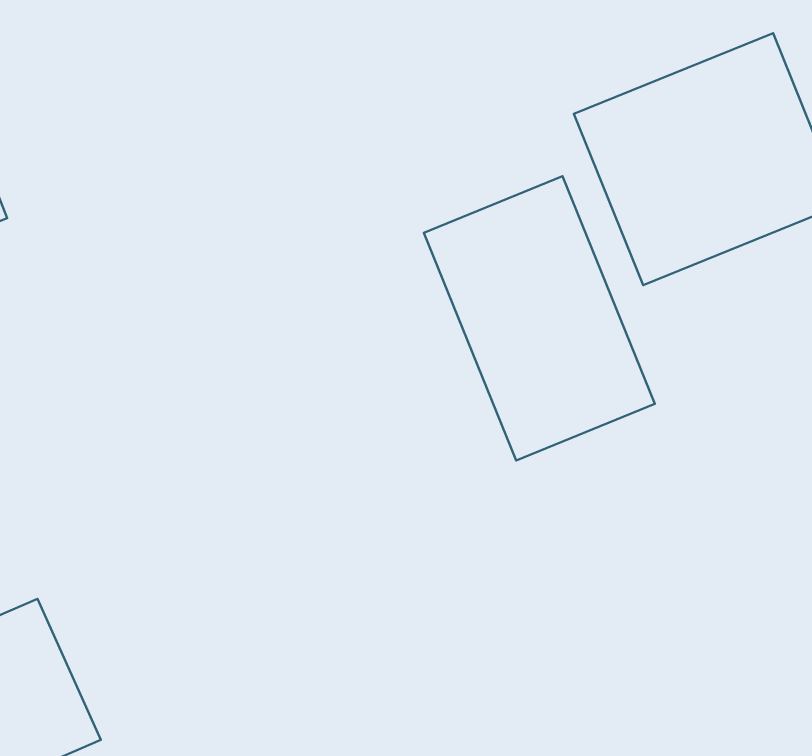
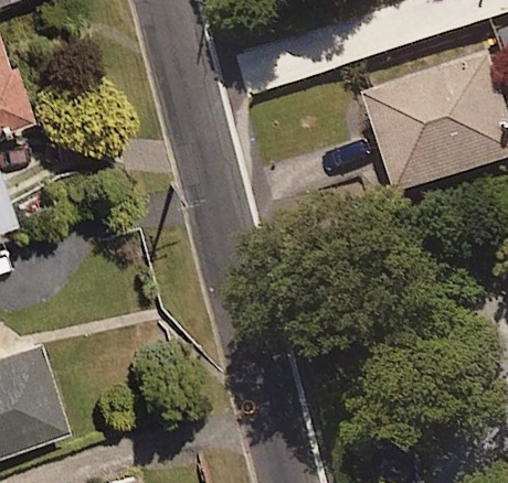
building: [424,176,655,460] -> none

